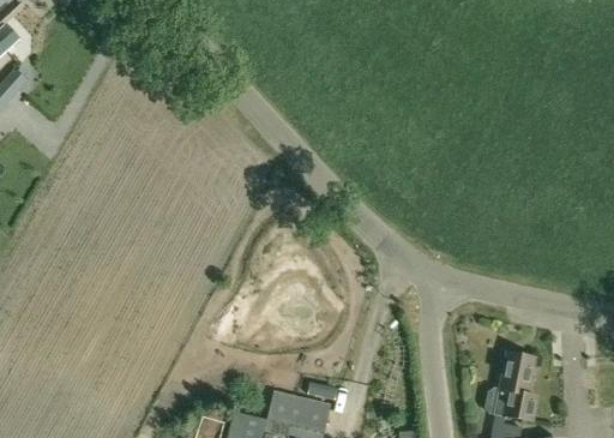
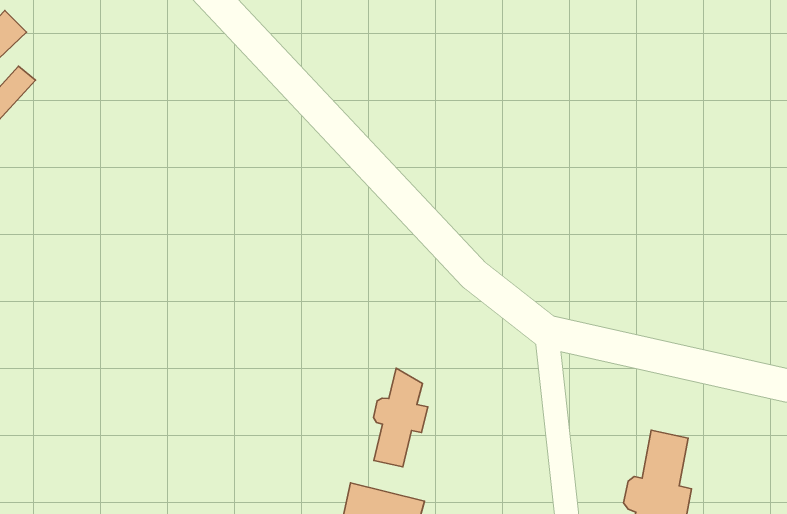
building: none -> [373,368,428,467]

